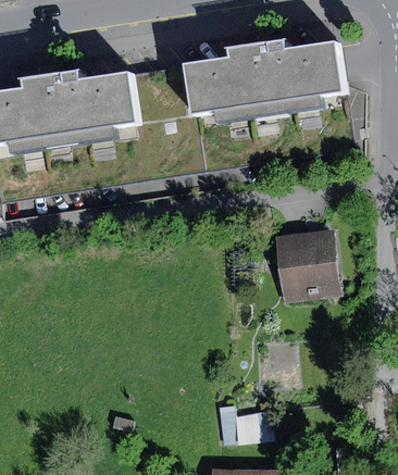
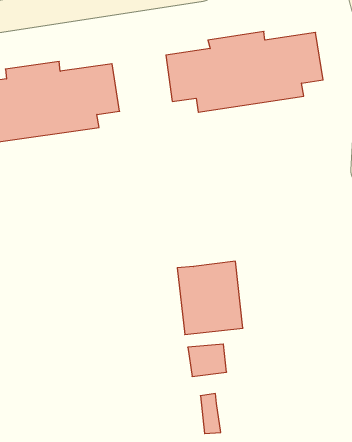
building: [275,229,341,303] -> [177,261,243,335]
building: [234,412,273,445] -> [188,344,227,376]

